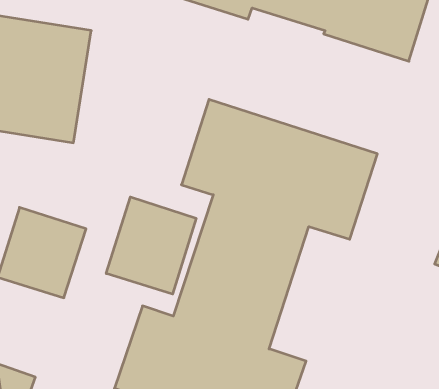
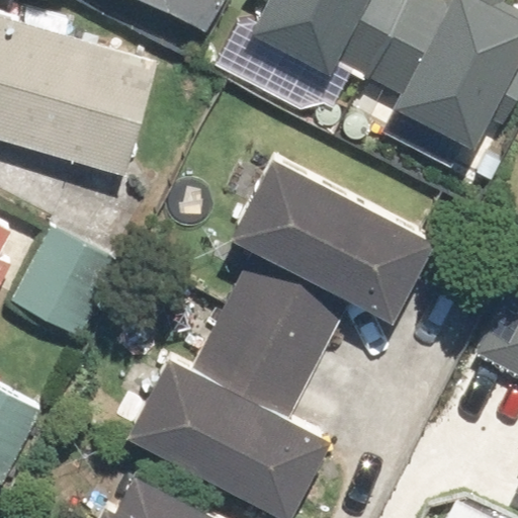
building: [106,197,196,294] -> none

